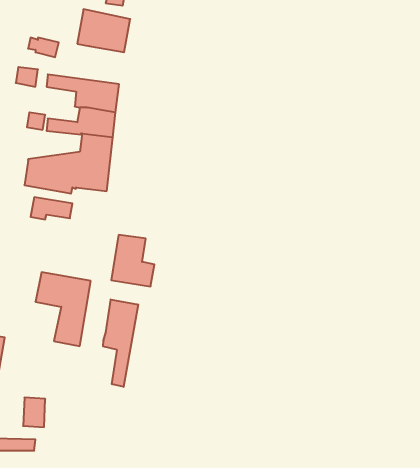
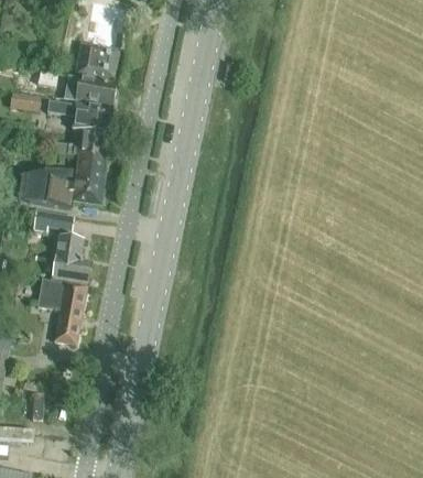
building: none -> [76,77,116,106]
building: [111,235,154,286] -> [52,235,90,281]
building: [103,299,138,387] -> none

